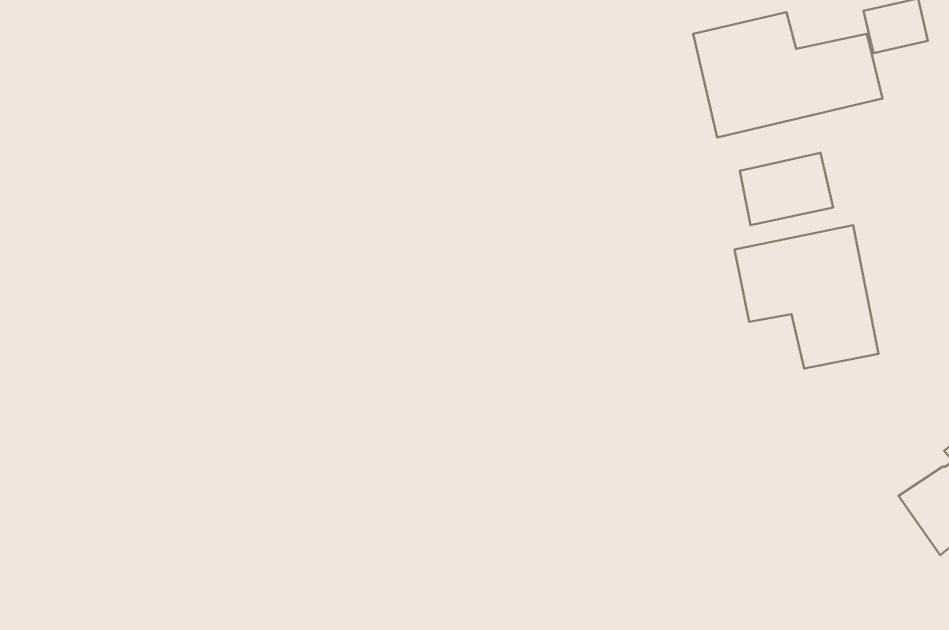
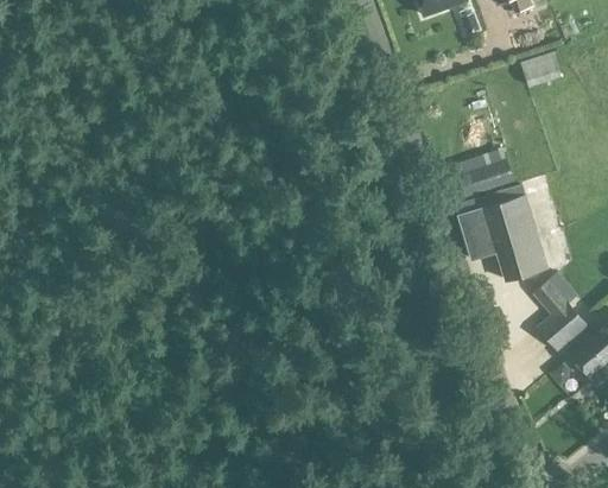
building: [693,12,883,138] -> none
building: none -> [531,266,589,353]

